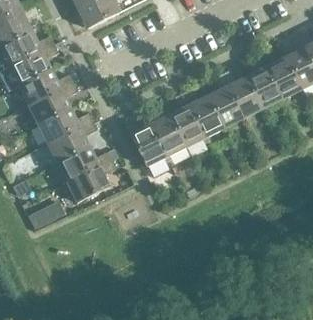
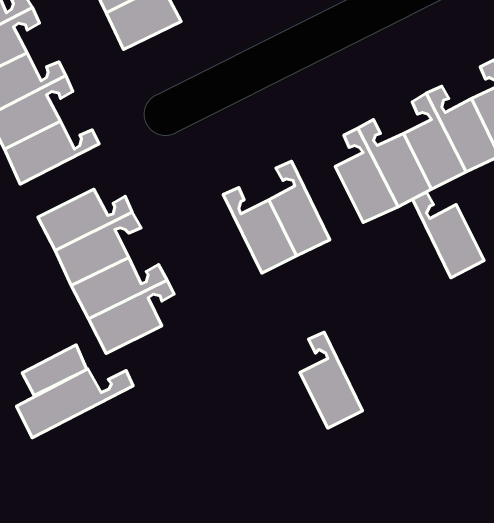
building: [28,83,78,125] -> none
building: [183,89,224,138] -> [412,192,484,278]
building: [130,112,166,167] -> [300,332,363,428]
building: none -> [17,369,133,438]

